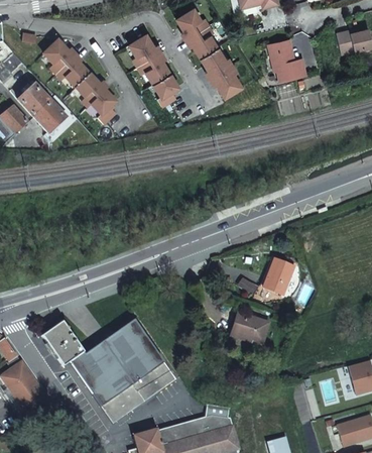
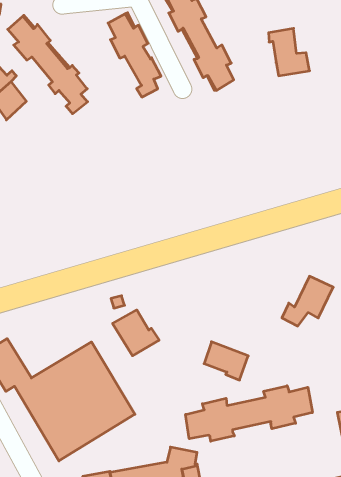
building: [252,257,294,301] -> [282,276,333,326]
building: none -> [113,310,159,356]
building: none -> [186,386,312,441]

